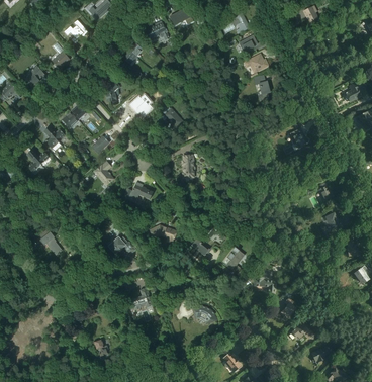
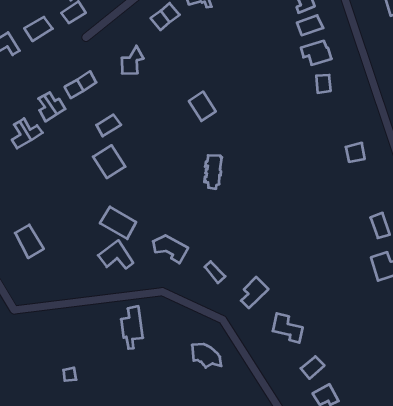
building: [124,183,153,206] -> [100,207,136,239]

